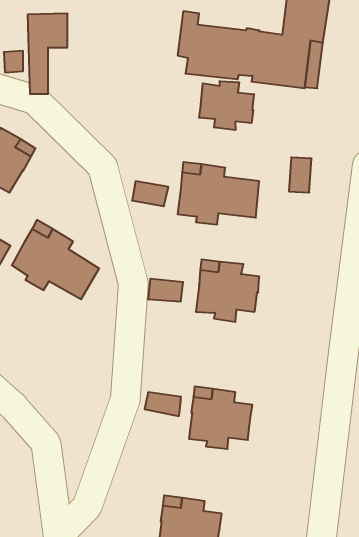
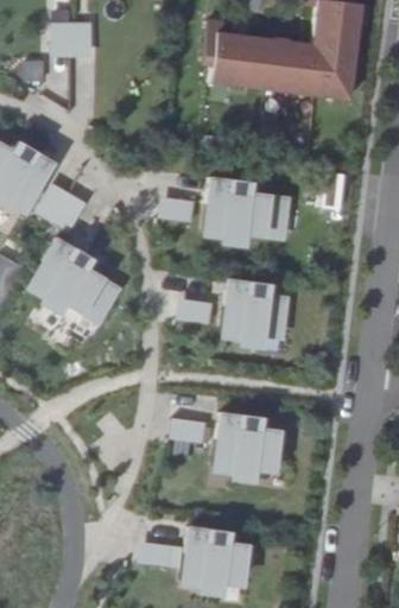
building: [199,81,254,130] -> none
building: none -> [31,182,84,233]

